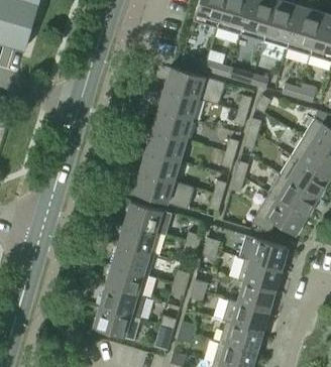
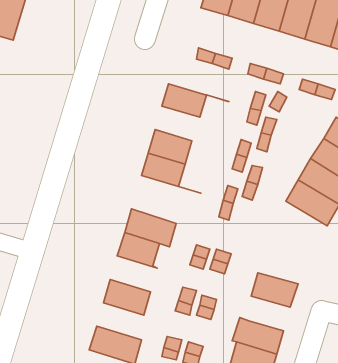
building: [163,67,224,105] -> none
building: [151,109,192,140] -> none
building: [132,171,193,210] -> none
building: [251,195,307,236] -> none
building: [238,236,287,269] -> none
building: [111,244,153,276] -> none
building: [236,280,273,312] -> none
building: [99,286,146,320] -> none

